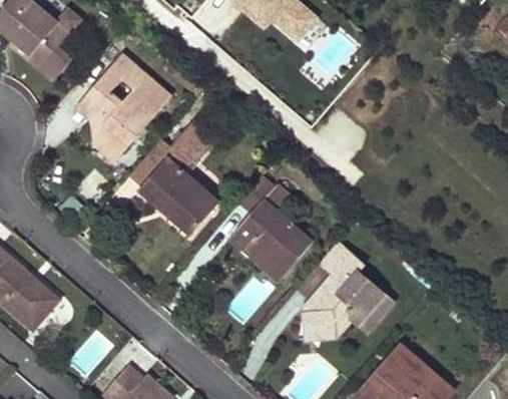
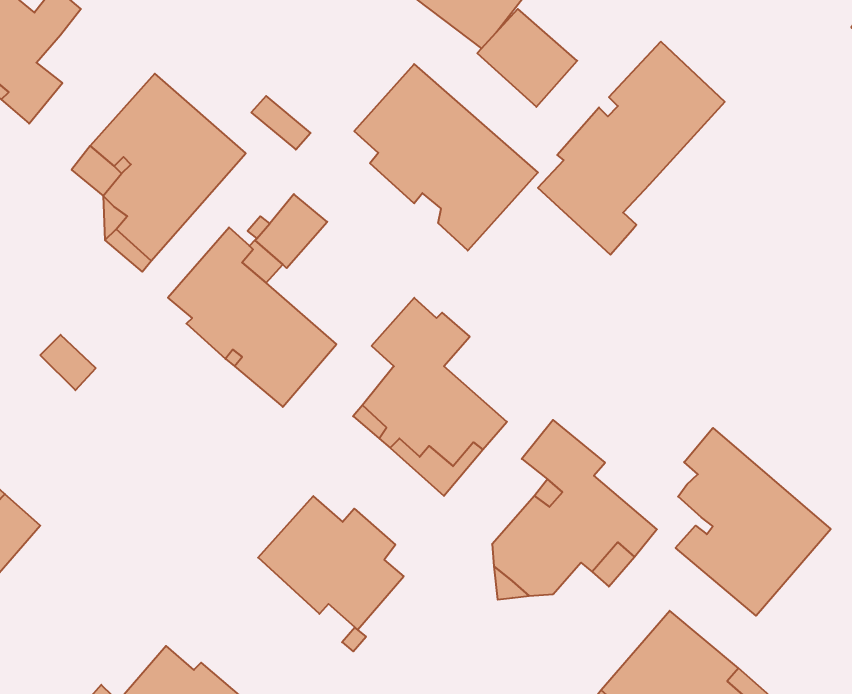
building: none -> [538,42,725,255]
building: none -> [354,64,538,251]
building: none -> [676,428,831,616]
building: none -> [258,496,404,630]

